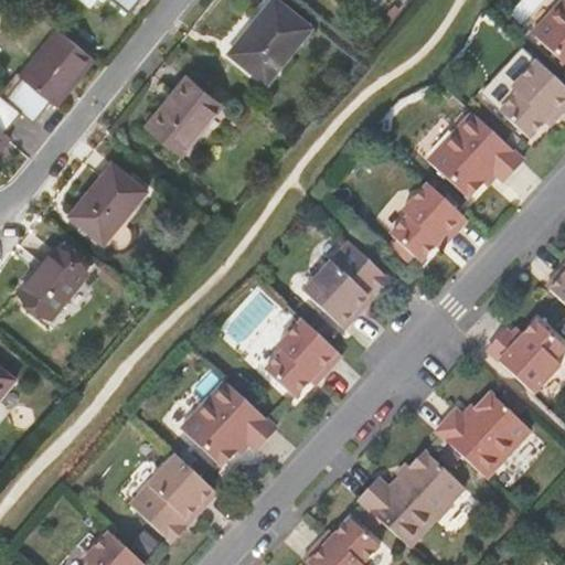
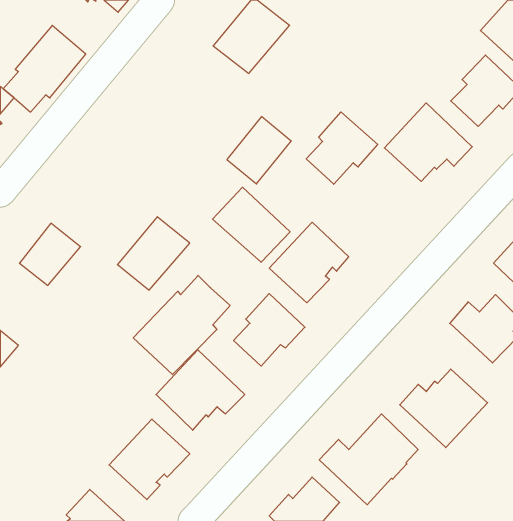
building: [162,74,232,147] -> [227,117,291,184]
building: [78,156,157,235] -> [117,217,190,290]
building: [387,182,465,260] -> [306,112,378,184]
building: none -> [213,187,290,262]
building: none -> [133,275,230,375]

